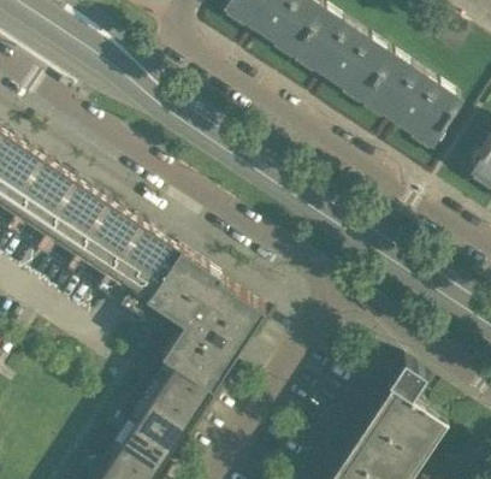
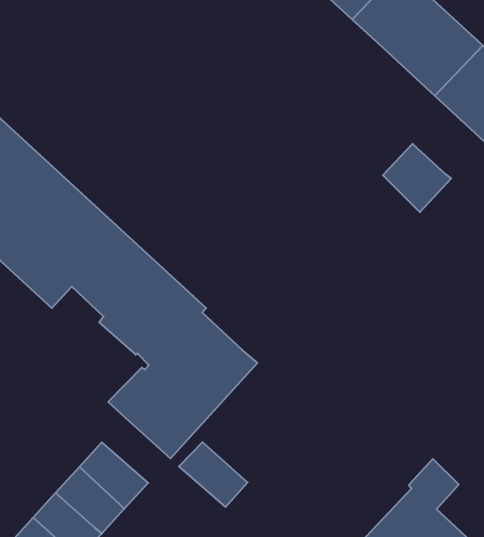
building: none -> [383,144,451,212]
building: [160,365,212,409] -> [179,442,248,507]

